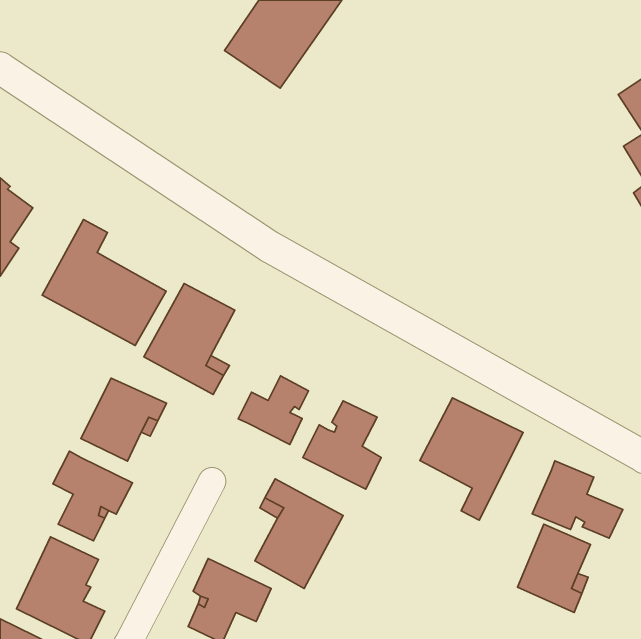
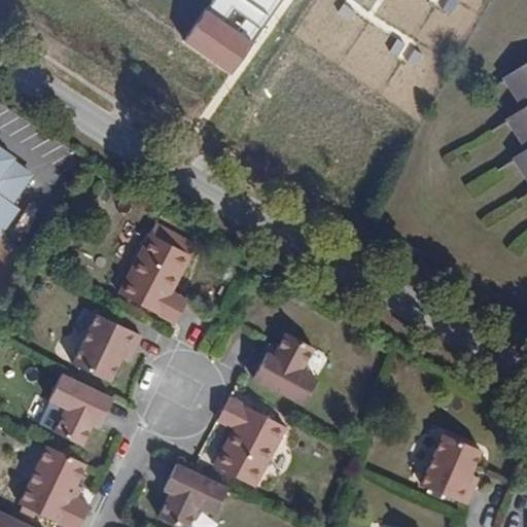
building: [42,219,166,345] -> none
building: [238,376,308,445] -> none
building: [420,398,523,520] -> none
building: [532,461,623,538] -> none

